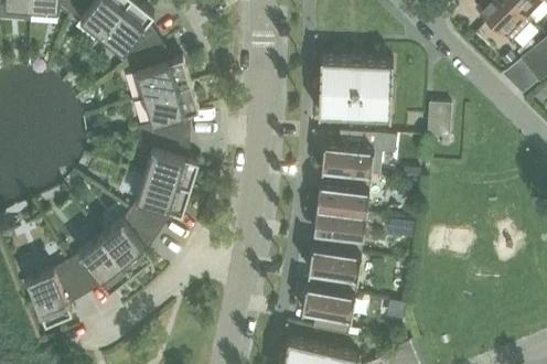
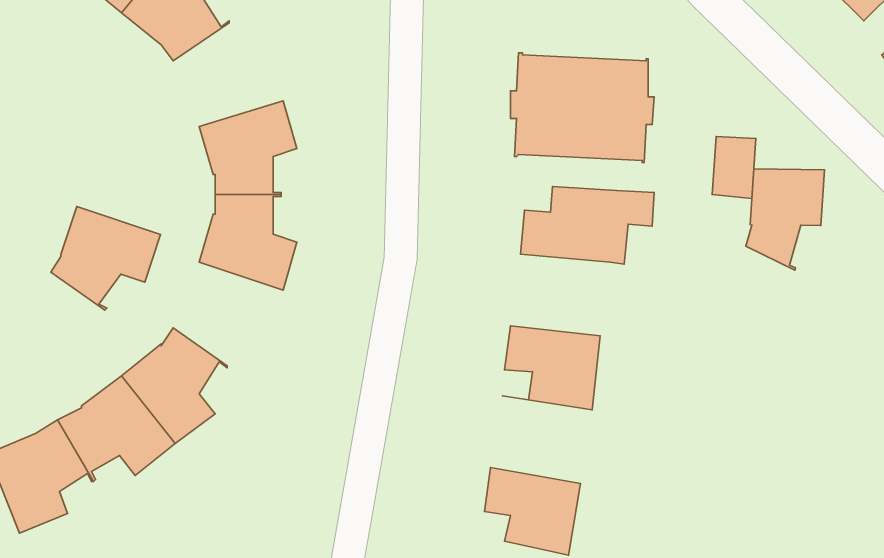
building: [128,43,189,100] -> none
building: none -> [746,169,825,270]
building: [314,171,369,216] -> none
building: [128,175,189,233] -> [51,207,161,310]
building: [303,249,360,298] -> none

